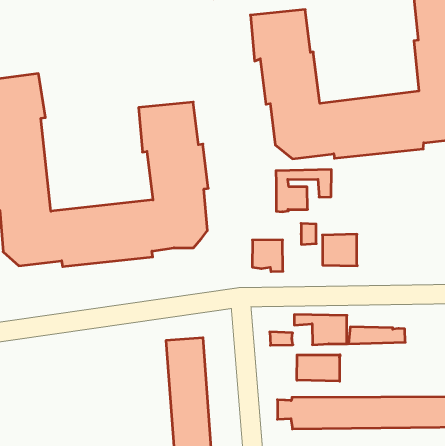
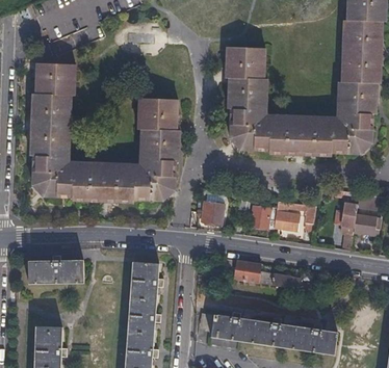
building: [276,170,331,212] -> [274,200,316,230]
building: none -> [28,260,83,283]
building: [297,355,340,381] -> none

